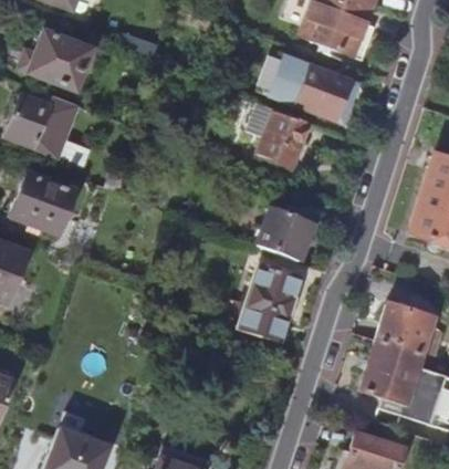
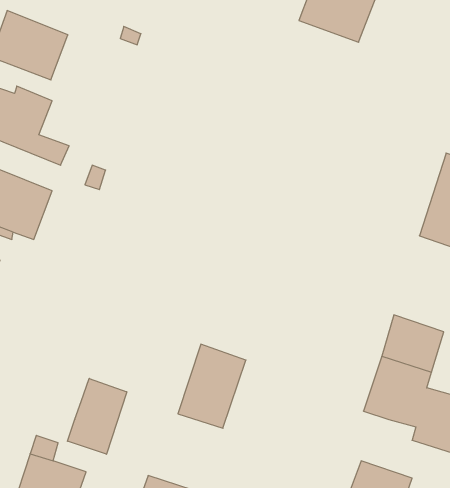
building: [271,53,361,122] -> none
building: [257,108,310,166] -> none
building: [258,205,316,260] -> none
building: [240,262,302,338] -> [178,344,246,428]
building: none -> [67,378,127,454]

